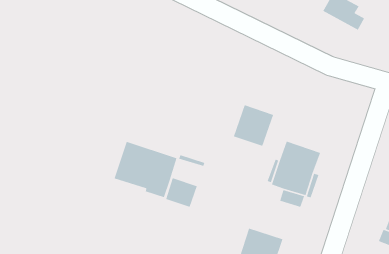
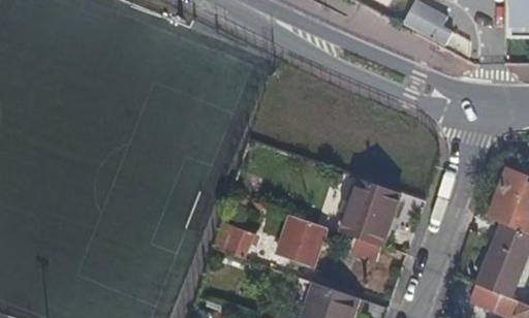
building: [233,104,274,147] -> [277,215,326,266]
building: [114,141,178,198] -> none

